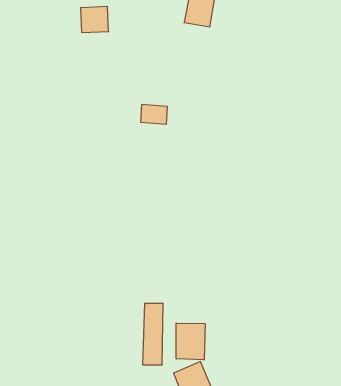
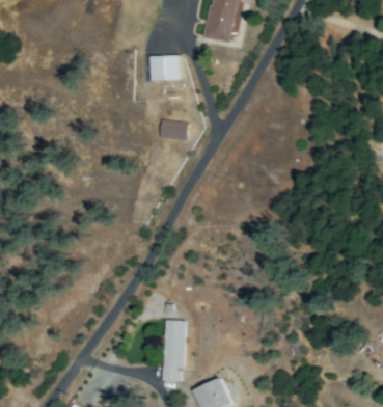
building: [81,7,109,33] -> [152,54,180,80]
building: [176,323,205,360] -> none

